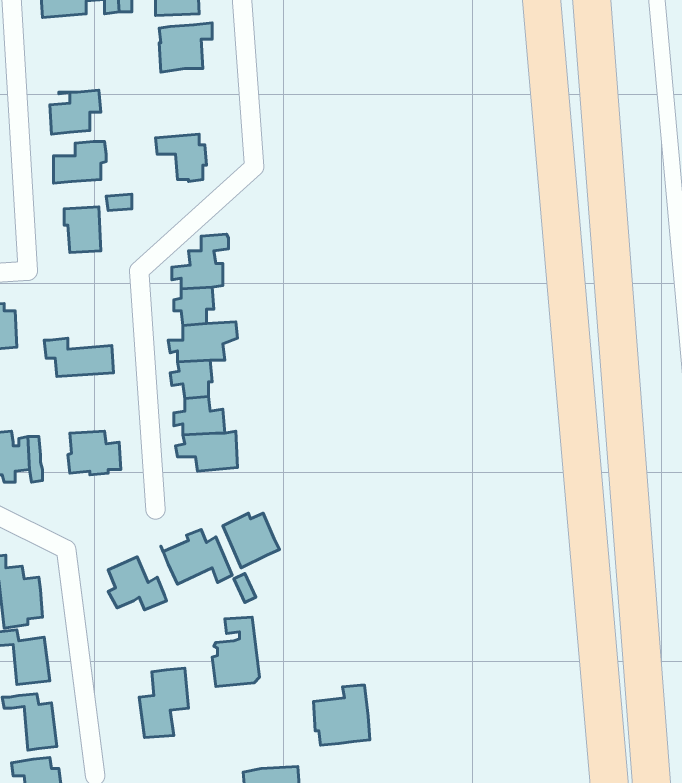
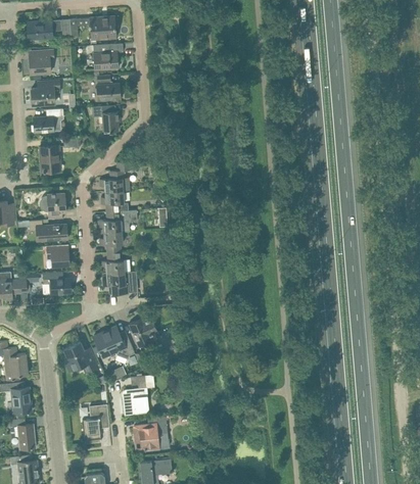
building: none -> [29,50,53,75]
building: none -> [96,75,121,100]
building: none -> [40,193,65,220]
building: none -> [46,245,69,267]
building: [313,685,370,745] -> [137,417,169,450]

